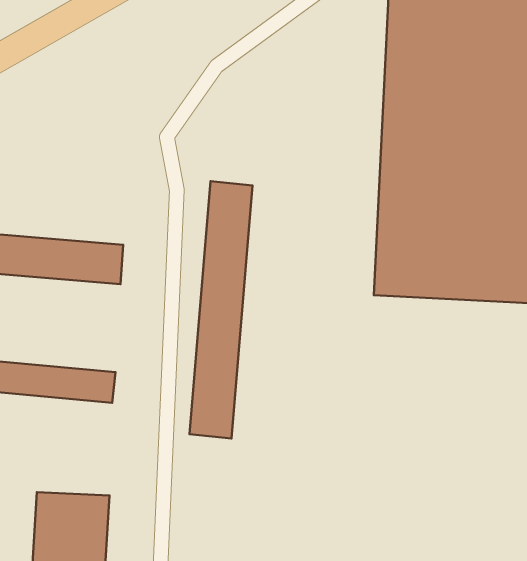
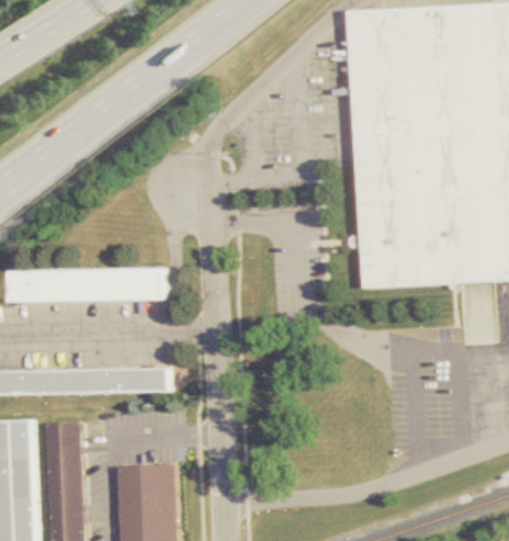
building: [189,181,253,439] -> none

